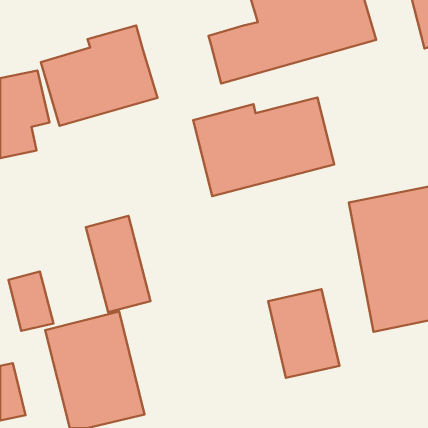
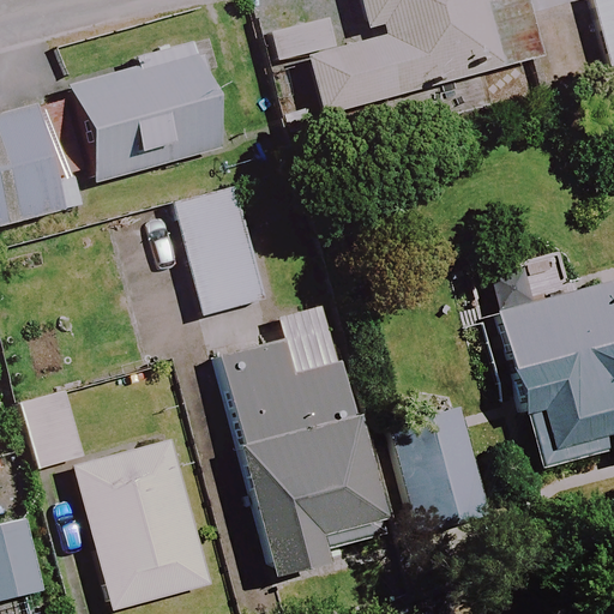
building: [193,97,334,196] -> none
building: [86,216,151,312] -> [173,185,264,320]
building: none -> [218,326,385,579]

